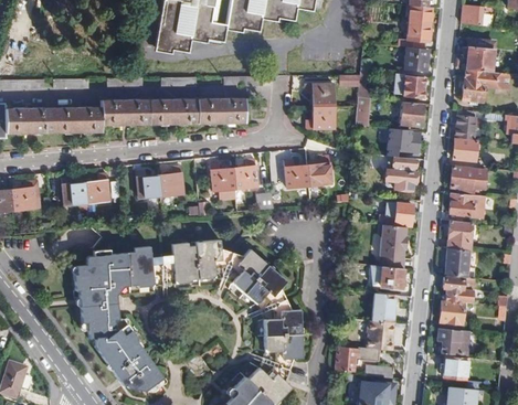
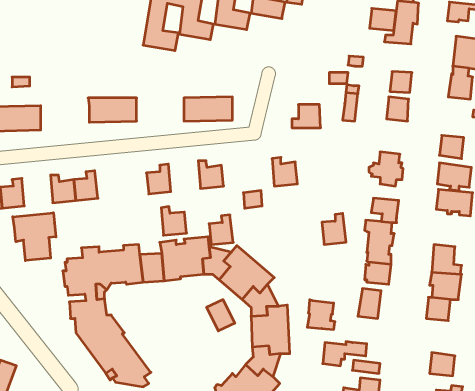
building: [402,46,429,68] -> [370,8,396,31]
building: [304,85,332,107] -> none
building: [149,100,197,124] -> none
building: [53,108,102,132] -> none
building: [455,109,477,138] -> none
building: [387,128,420,151] -> none
building: [308,156,332,186] -> [322,213,346,244]
building: [234,159,258,189] -> [209,215,233,245]
building: [136,170,161,199] -> [161,207,187,235]
building: none -> [13,213,56,261]
building: [447,220,473,249] -> none
building: none -> [207,300,235,331]
building: [366,318,393,348] -> [307,300,335,329]
building: [437,330,469,355] -> none

